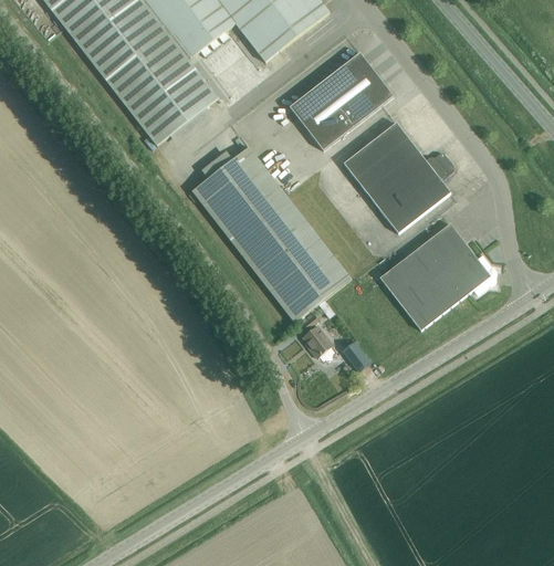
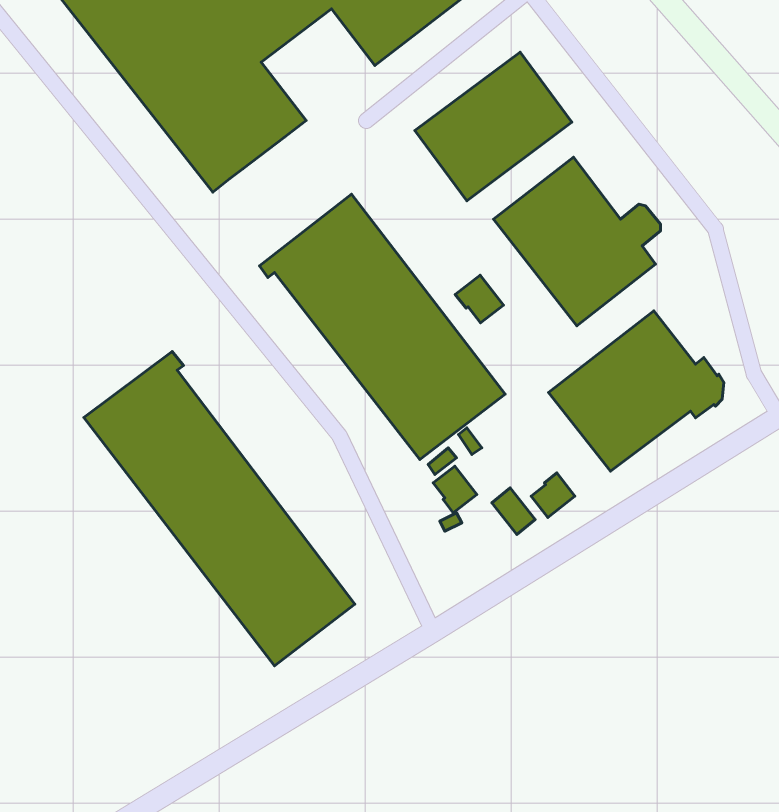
building: none -> [455,275,503,323]
building: none -> [84,352,355,666]
building: none -> [531,473,575,518]

